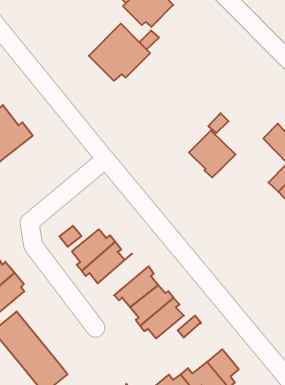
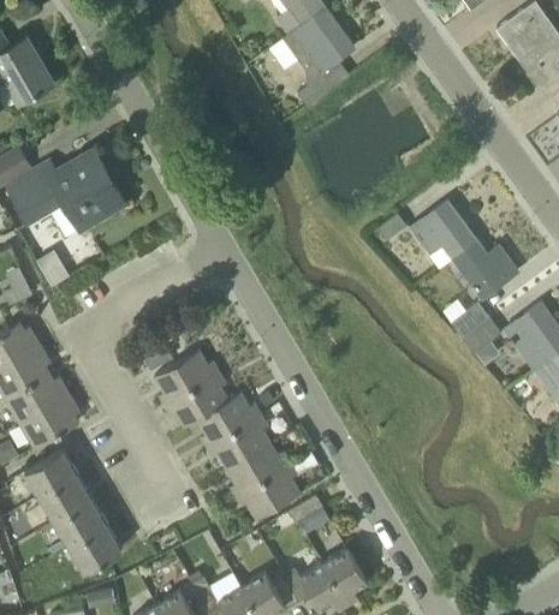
building: [89,24,150,81] -> none
building: [189,130,236,177] -> [411,201,477,268]
building: none -> [185,393,261,448]

